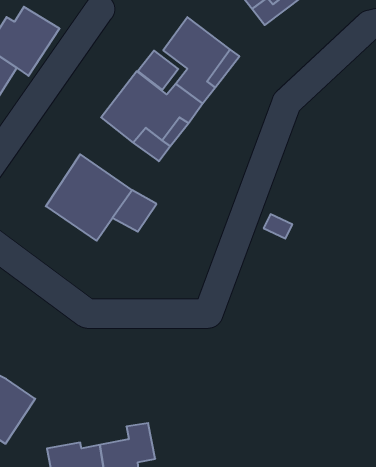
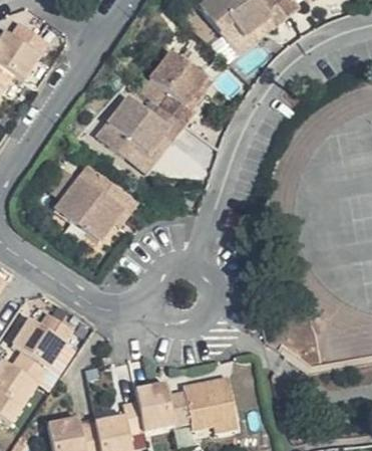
building: none -> [13,311,72,380]
building: none -> [134,379,237,435]

